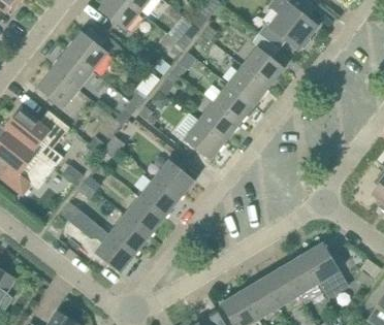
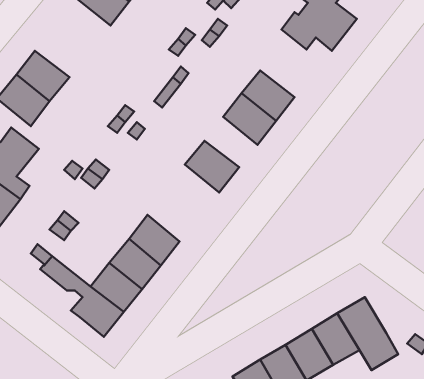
building: [66,31,107,71] -> none
building: [242,46,284,87] -> none
building: [198,102,239,141] -> none
building: [154,160,194,199] -> none

